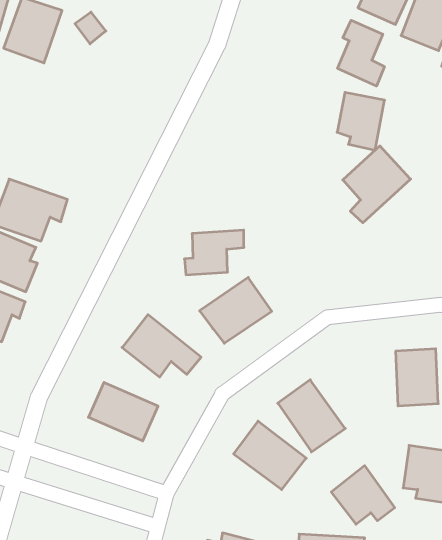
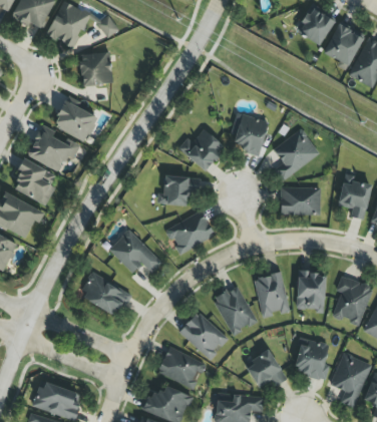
building: [338,20,384,86] -> none
building: none -> [80,51,112,85]
building: [337,92,385,150] -> [234,113,269,155]
building: none -> [53,99,98,141]
building: none -> [177,128,226,170]
building: none -> [280,186,321,215]
building: none -> [254,272,290,316]
building: none -> [158,346,206,388]

